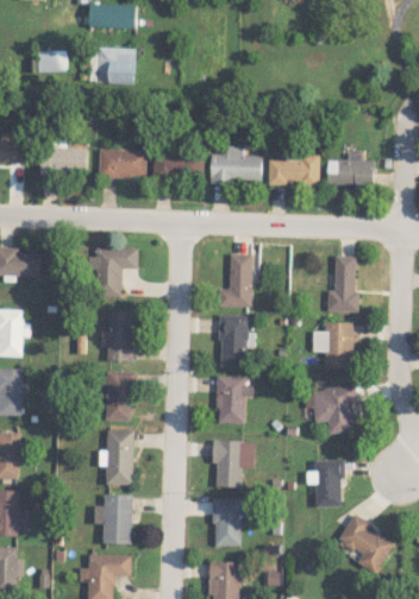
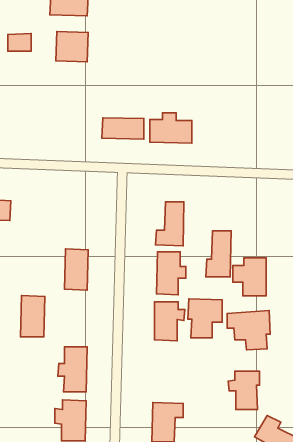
building: [40,146,87,175] -> none
building: [100,149,146,178] -> none
building: [327,152,374,187] -> none
building: [268,156,319,185] -> none
building: [89,248,138,296] -> none
building: [326,256,357,311] -> [206,231,231,277]
building: [106,371,136,421] -> [20,296,45,337]
building: [212,440,254,487] -> [188,299,222,338]

